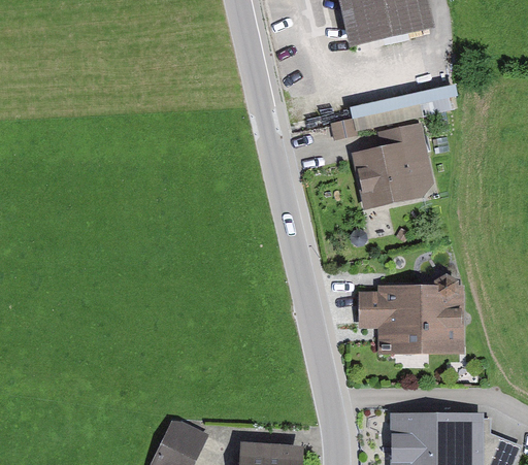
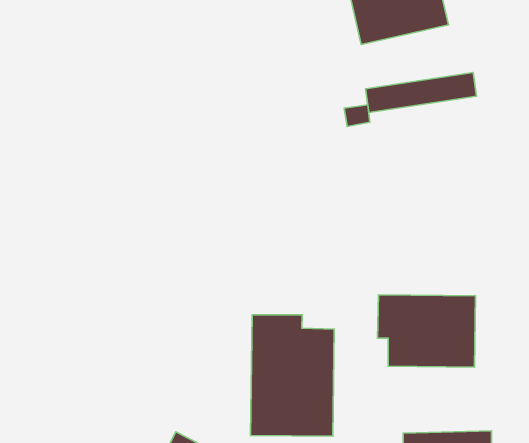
building: [356,124,436,210] -> none
building: none -> [250,315,334,436]

